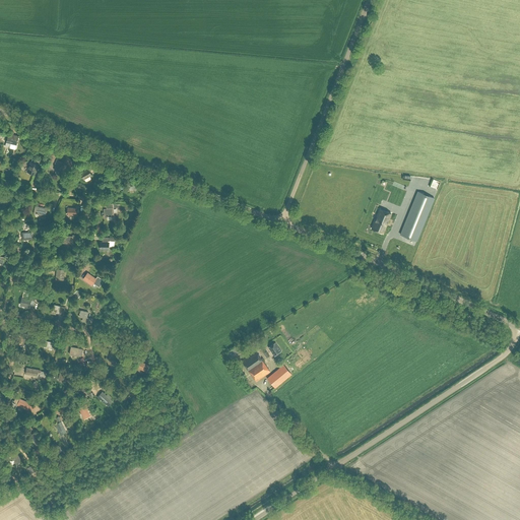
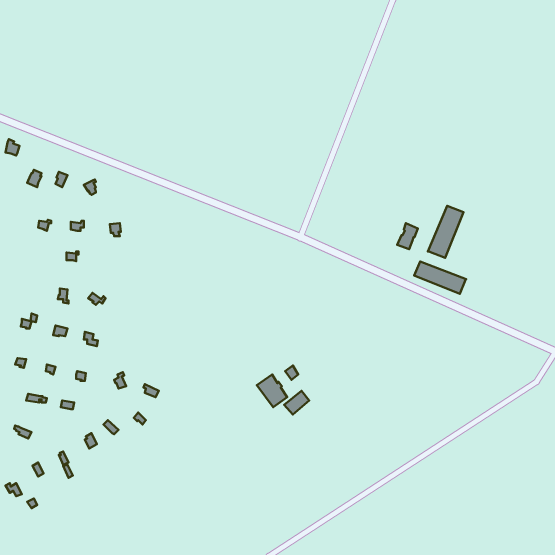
building: none -> [414,261,466,294]

